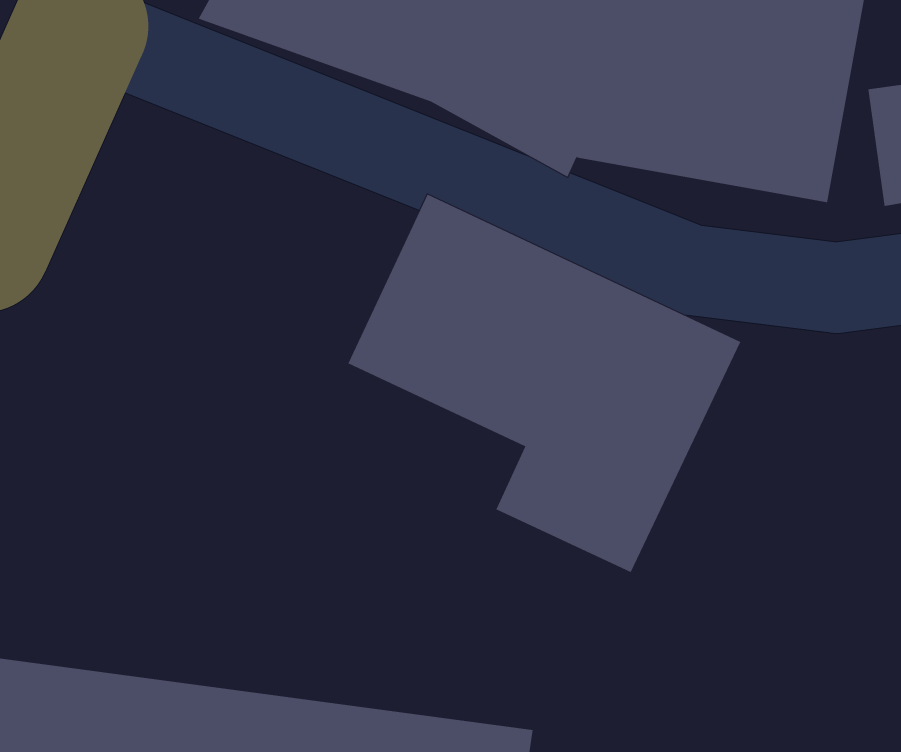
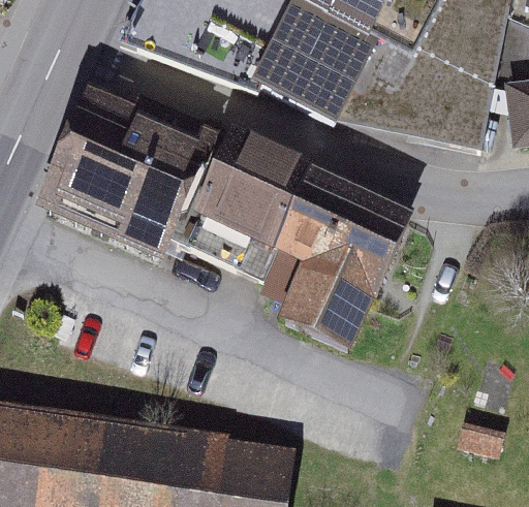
building: none -> [60,97,225,258]

